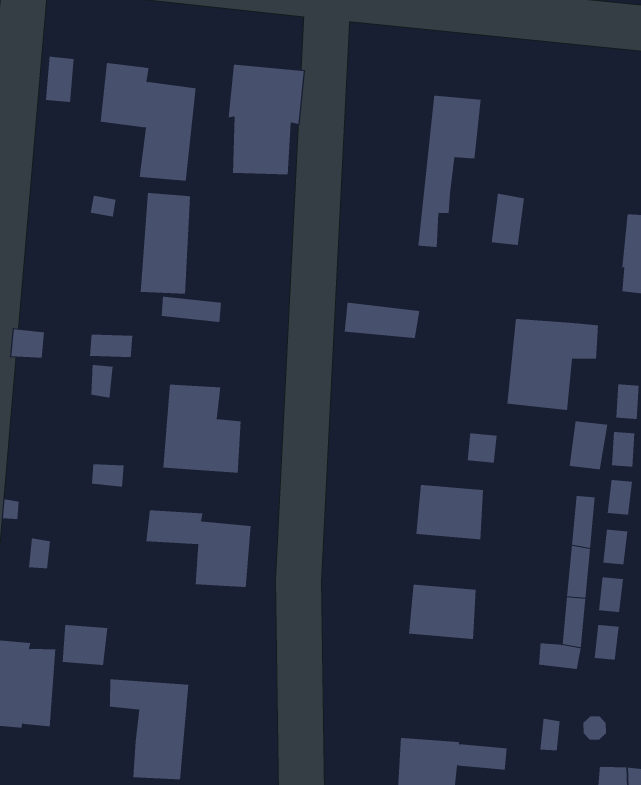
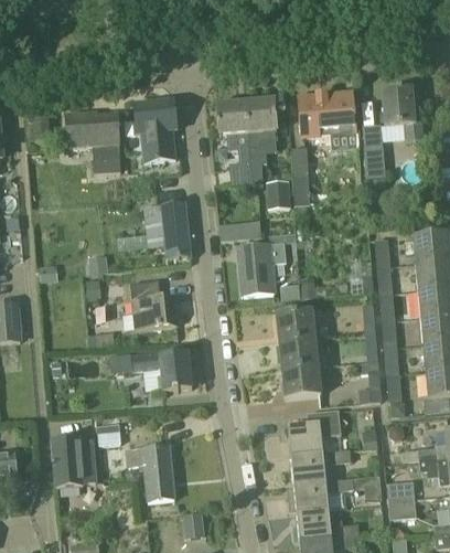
building: none -> [216,100,253,187]
building: none -> [298,92,355,138]
building: [140,193,191,294] -> [161,202,192,259]
building: none -> [266,180,291,209]
building: [506,319,599,410] -> [237,243,286,295]
building: none -> [279,339,318,370]
building: none -> [288,411,341,455]

